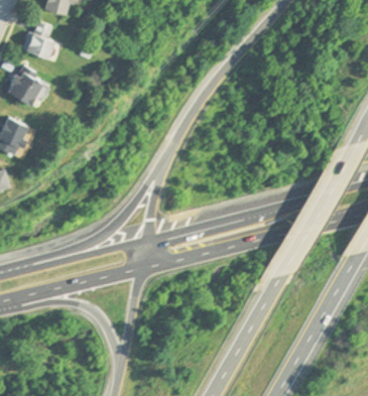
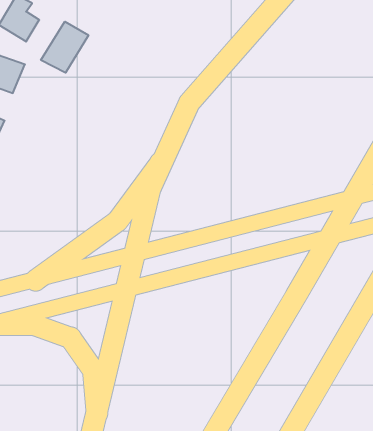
building: none -> [41,22,88,73]

